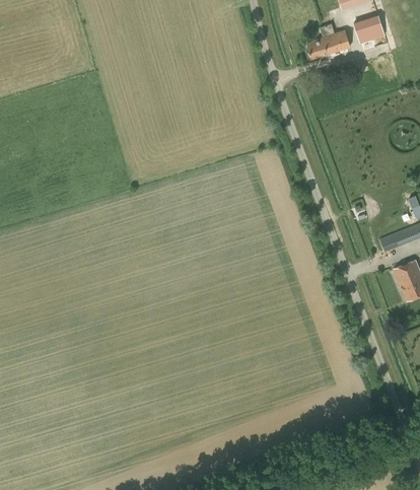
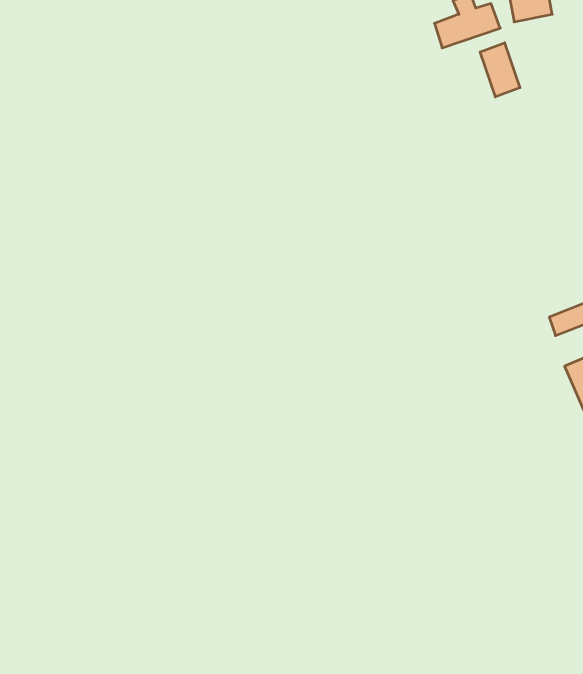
building: none -> [480,43,520,97]

